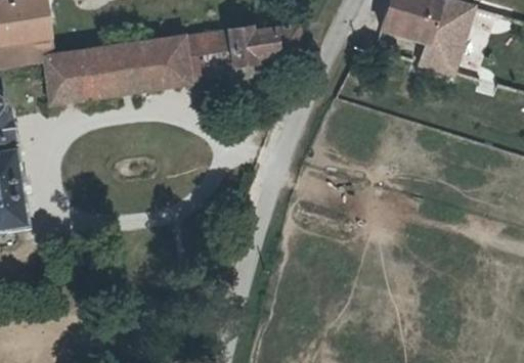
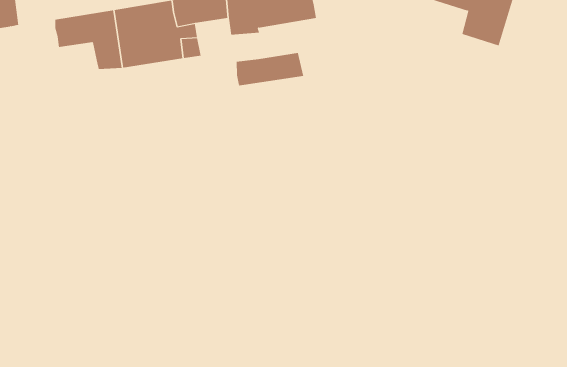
building: [41,52,115,105] -> none
building: none -> [236,52,304,87]

